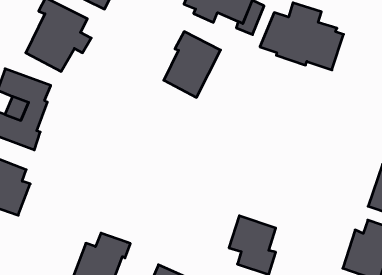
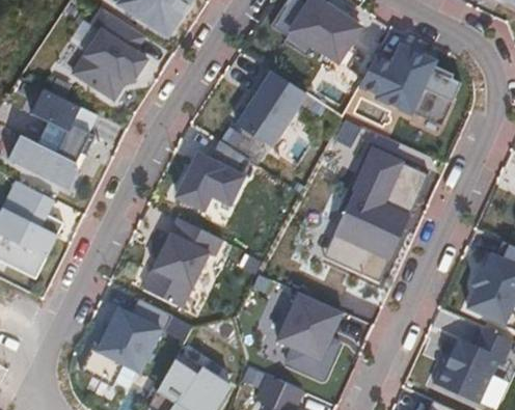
building: none -> [323,149,429,284]
building: none -> [177,140,250,210]
building: none -> [131,230,212,313]

